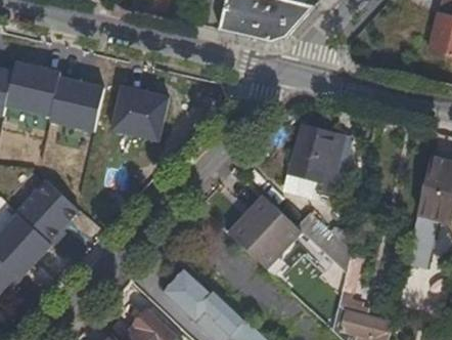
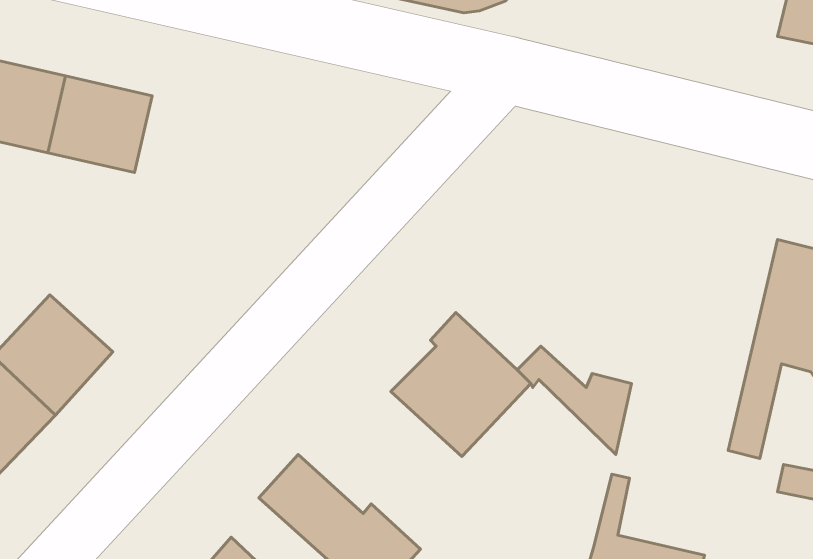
building: [96,82,172,137] -> none
building: [291,127,347,195] -> none

